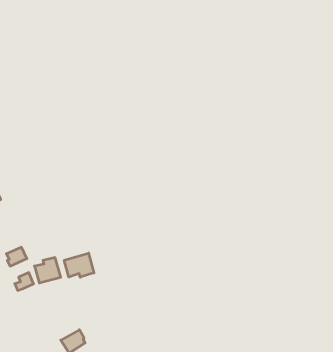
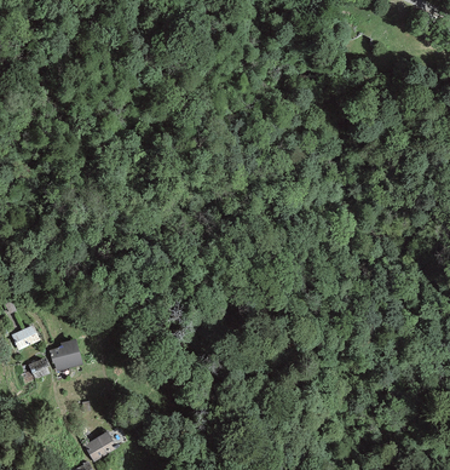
building: [64,253,94,277] -> none

